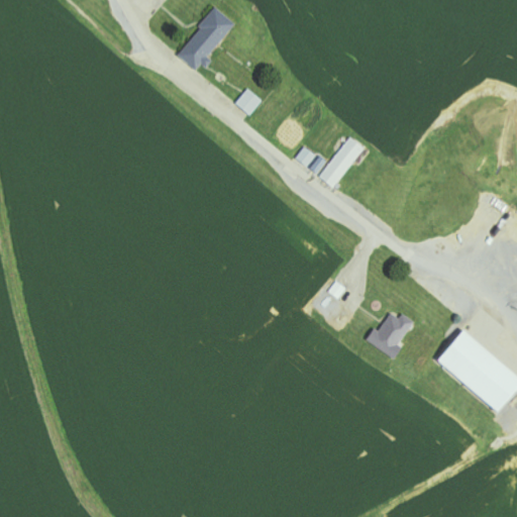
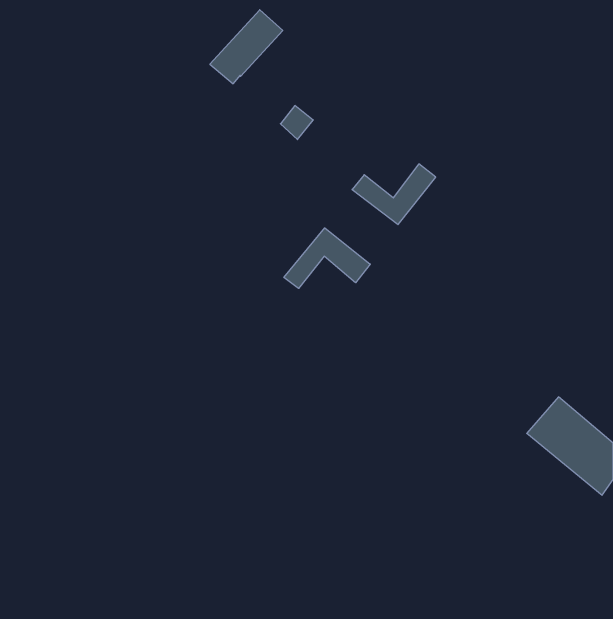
building: none -> [284,228,370,288]
building: [365,313,415,357] -> none

